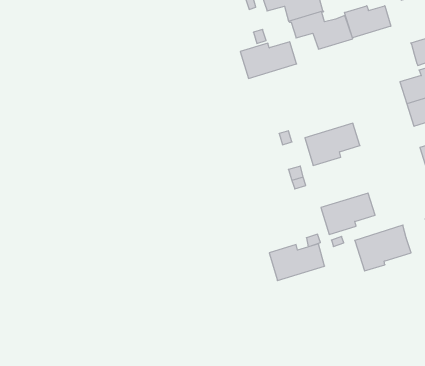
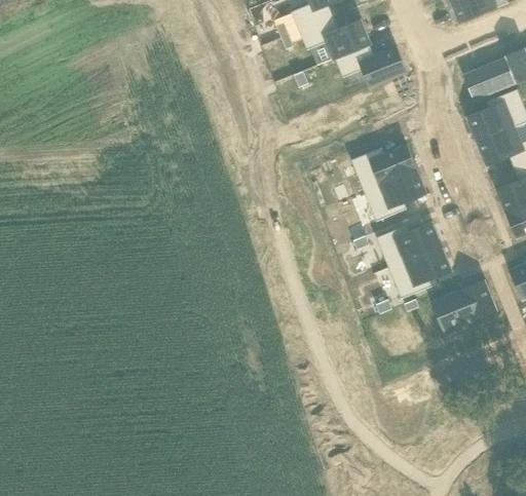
building: [345,6,391,38] -> none
building: [240,42,297,78] -> [351,144,417,190]
building: [269,244,325,281] -> [377,222,442,268]

